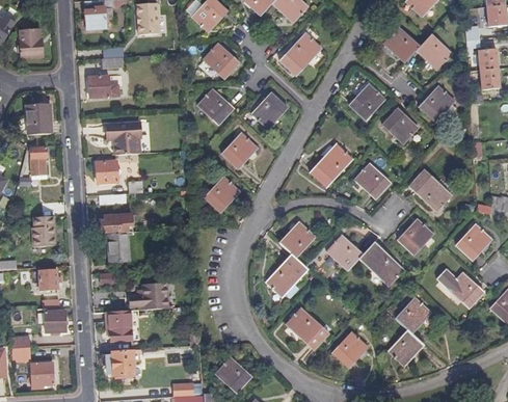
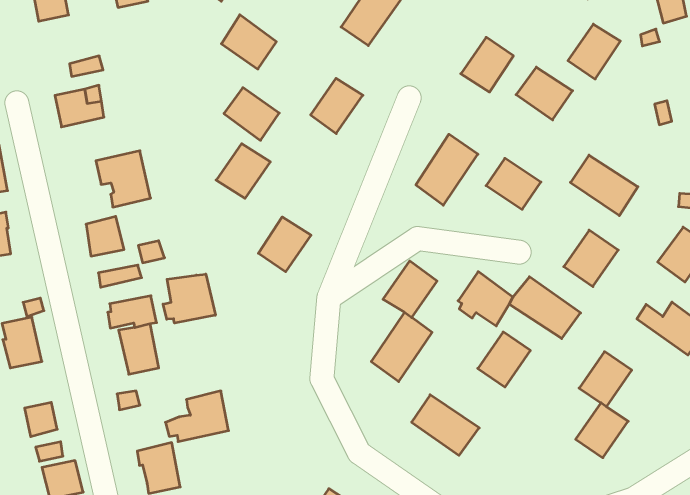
building: [220,134,257,169] -> [216,144,270,198]
building: none -> [163,274,215,323]
building: [330,329,366,365] -> [478,332,530,387]

